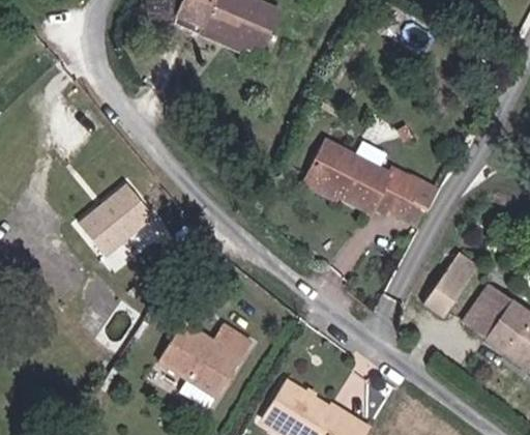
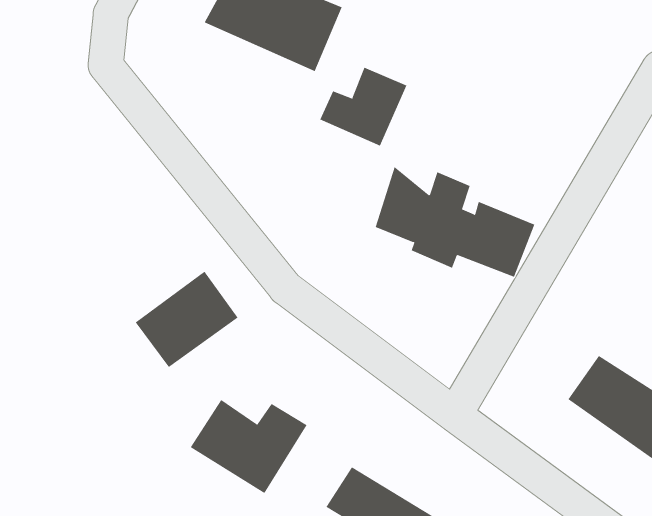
building: none -> [319,67,407,146]
building: [81,176,164,254] -> [135,271,238,368]
building: [421,253,480,321] -> none

